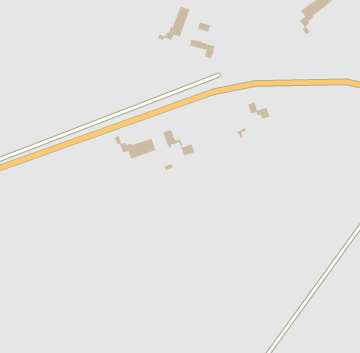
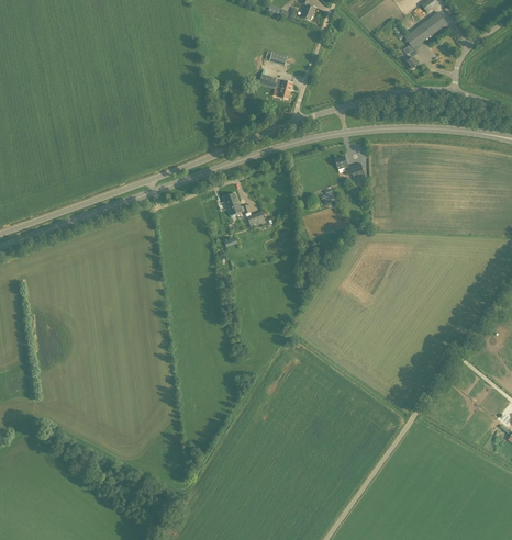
building: [157,6,190,41] -> none
building: [114,135,156,160] -> none

